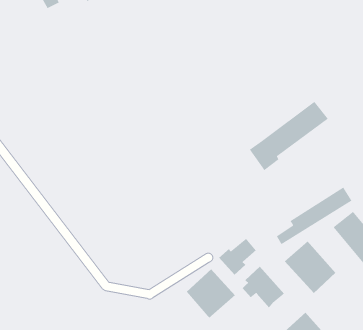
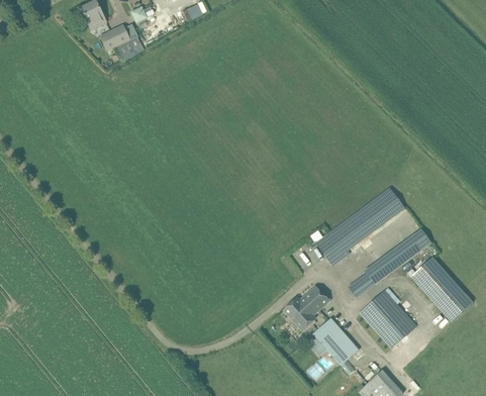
building: none -> [100,26,144,62]
building: [249,101,329,171] -> [315,187,405,266]
building: [186,269,236,319] -> none

